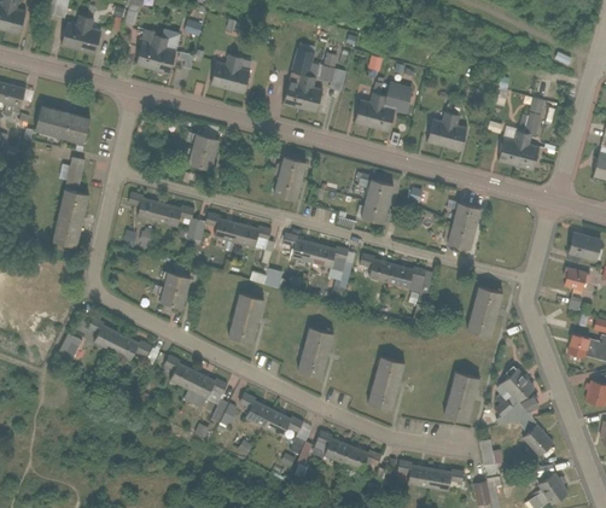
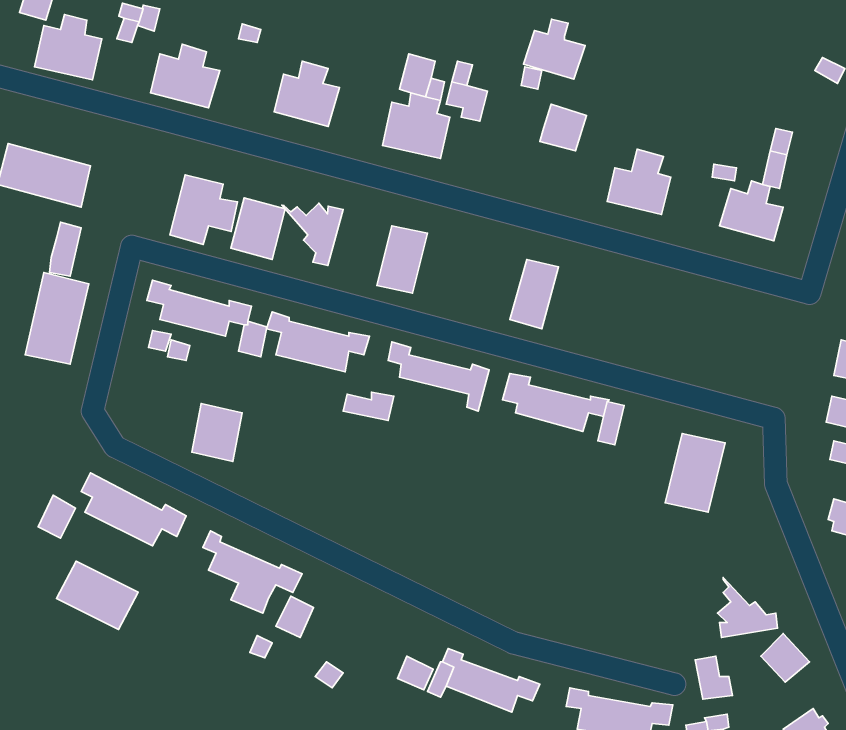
building: [355,92,395,130] -> [523,19,585,79]
building: none -> [170,175,238,244]
building: none -> [282,203,343,266]
building: [448,200,480,246] -> none
building: [229,292,264,339] -> none
building: [298,326,336,374] -> none
building: [369,355,406,407] -> none
building: [500,363,536,402] -> none
building: [445,369,480,419] -> none
building: none -> [56,561,138,629]
building: [240,392,303,437] -> none

